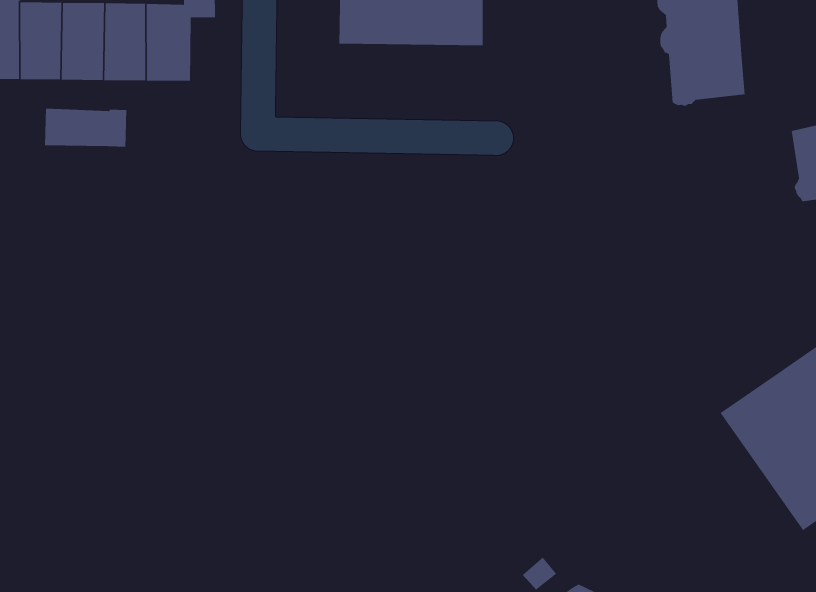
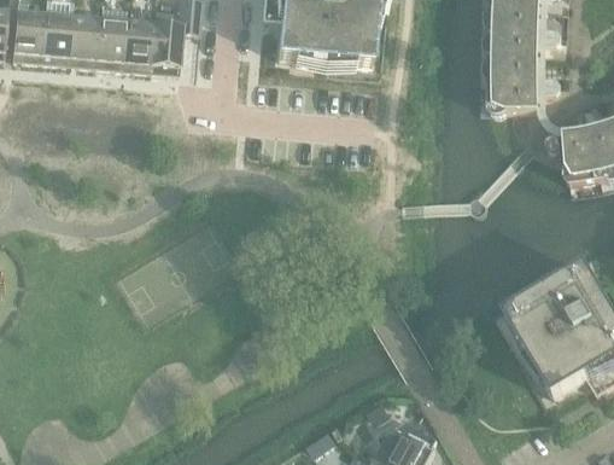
building: [44,108,127,148] -> none

